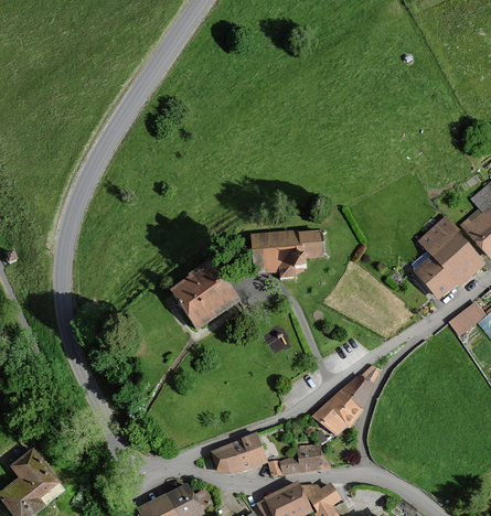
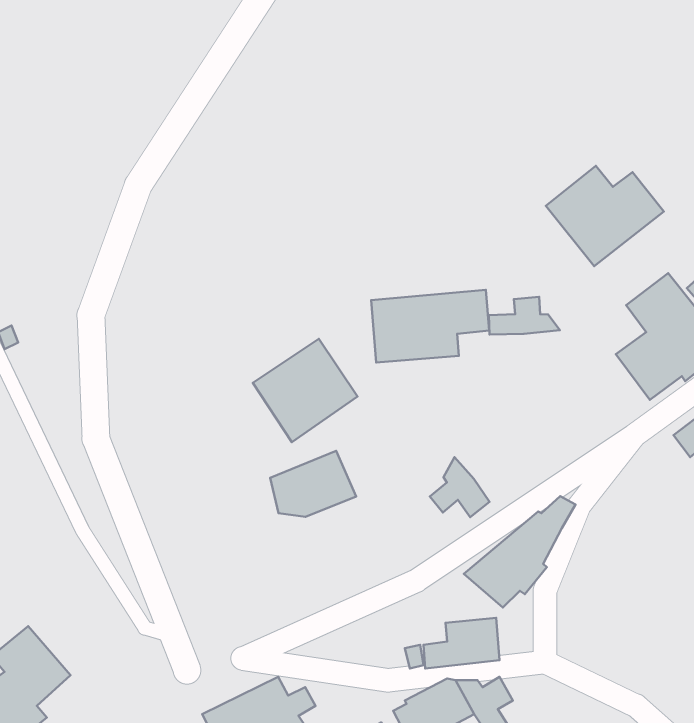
building: none -> [546,166,664,266]
building: none -> [489,297,560,335]
building: none -> [430,457,489,517]
building: [214,431,270,474] -> [270,451,356,517]

